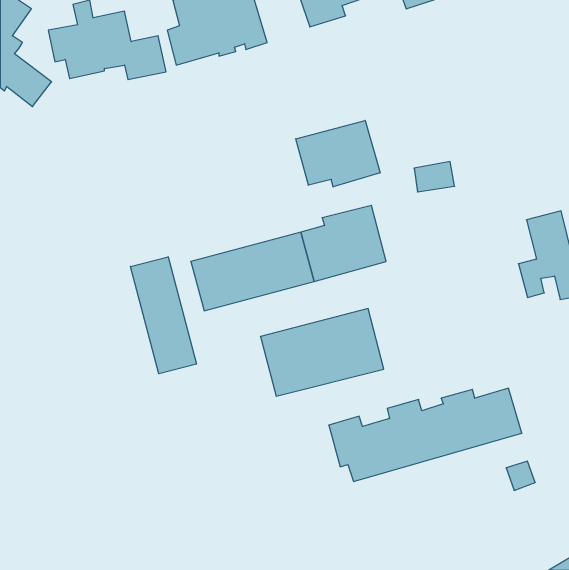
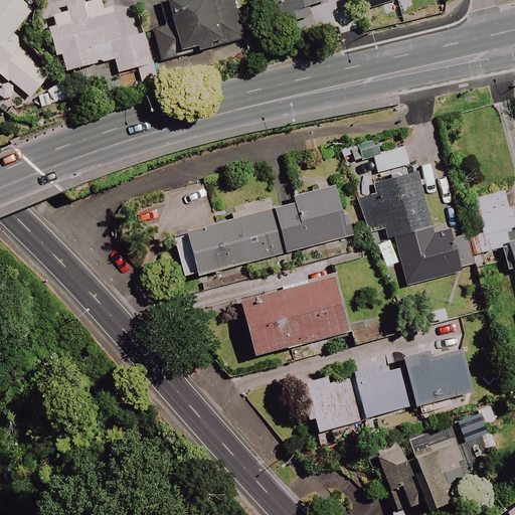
building: [296,120,380,187] -> none
building: none -> [356,171,472,285]
building: [130,257,197,374] -> none
building: none -> [378,438,466,507]

